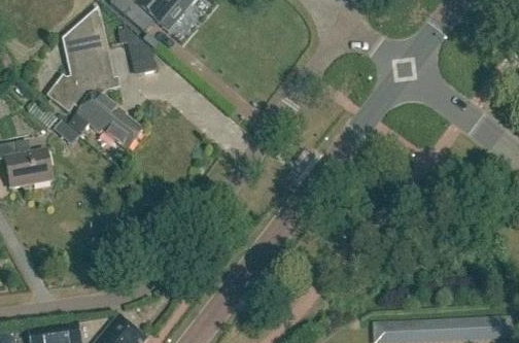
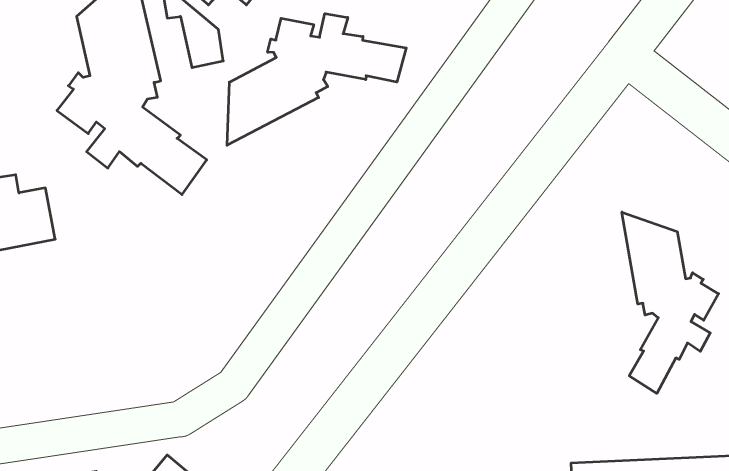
building: none -> [227,14,406,145]
building: none -> [622,212,719,393]

